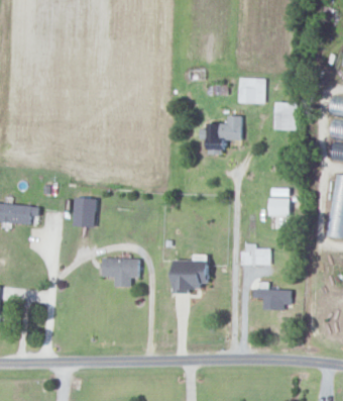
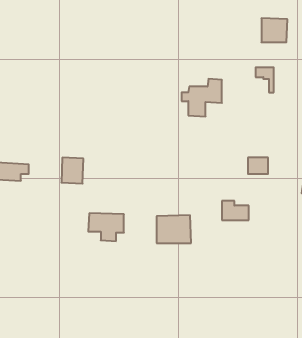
building: [238,79,265,104] -> [261,18,287,42]
building: [253,282,291,308] -> none

